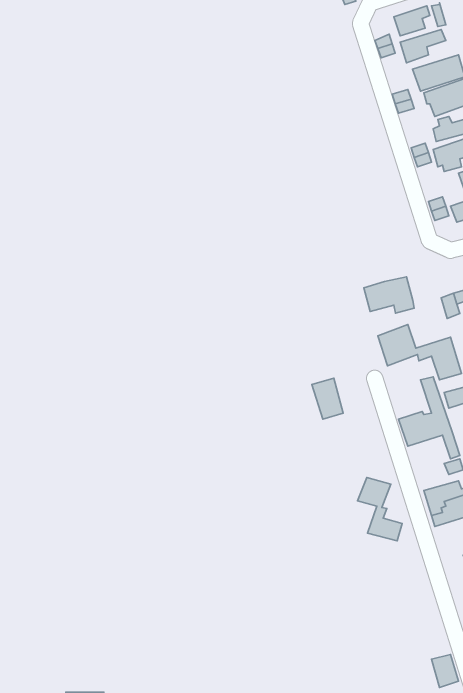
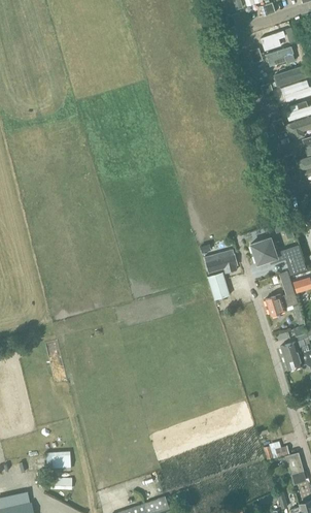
building: [364,277,414,313] -> [204,250,237,274]
building: [358,478,402,541] -> none

